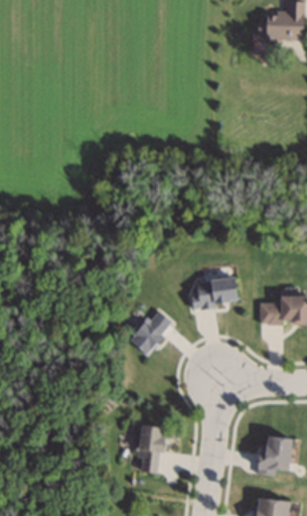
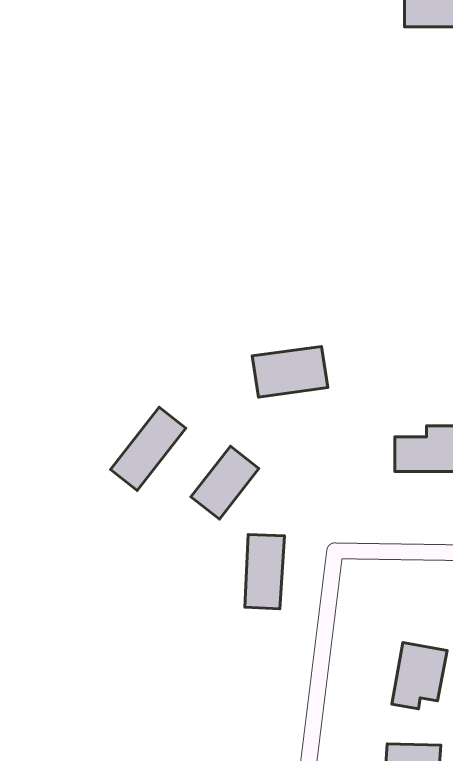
building: [190,275,239,307] -> [252,346,328,397]
building: none -> [110,407,186,491]
building: [139,425,164,473] -> [245,534,284,609]

